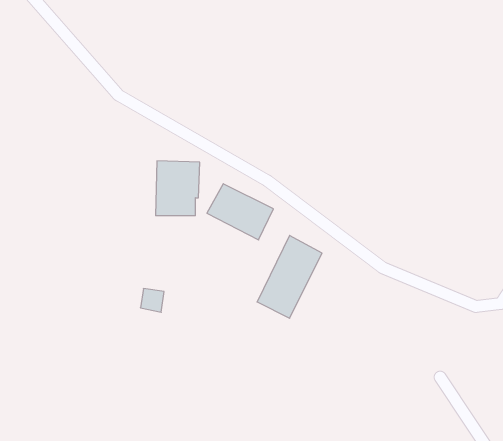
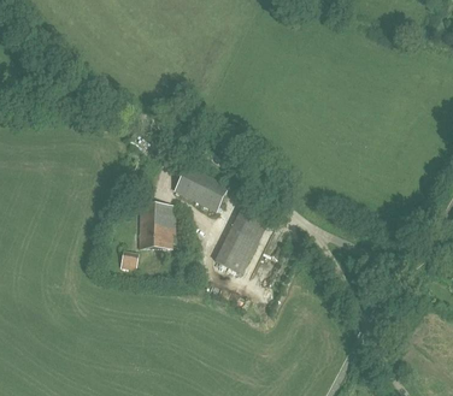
building: [156,161,200,216] -> [139,203,175,248]

